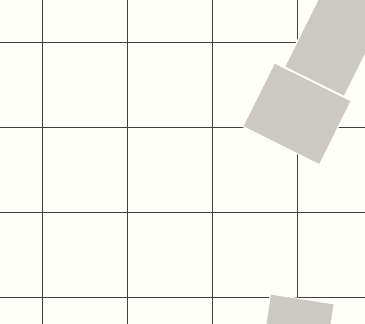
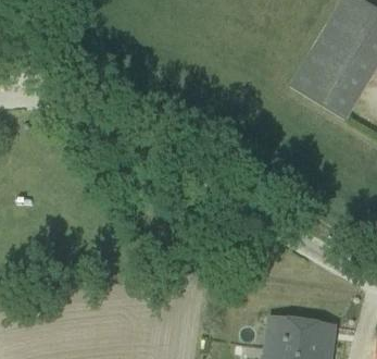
building: [243,63,351,165] -> none

